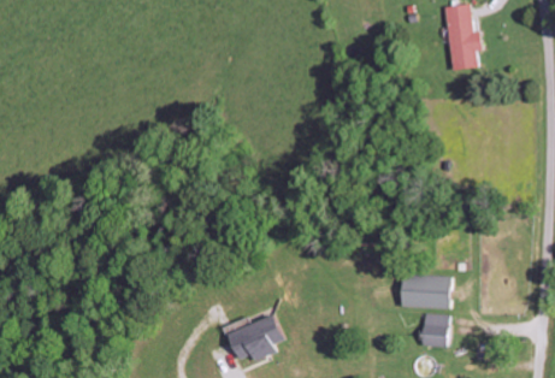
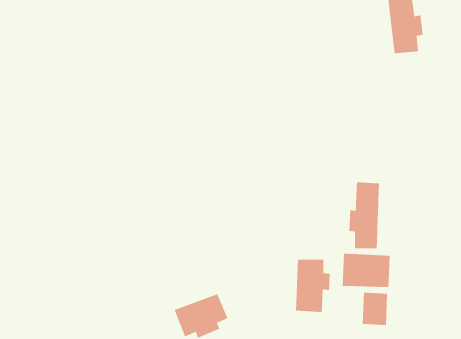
building: none -> [349,181,379,249]
building: none -> [296,259,330,313]

